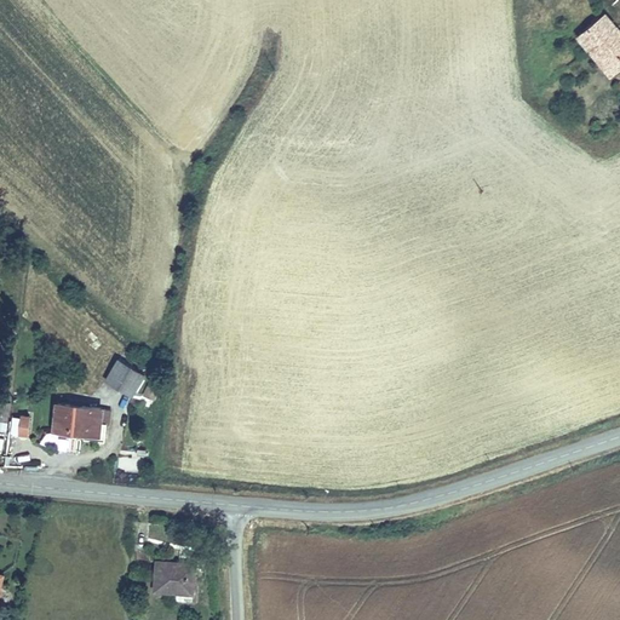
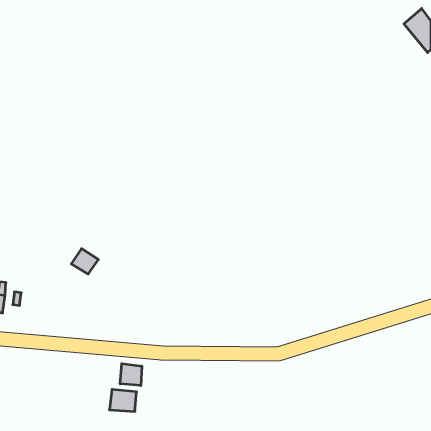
building: [52,407,104,446] -> none
building: none -> [120,364,142,386]

